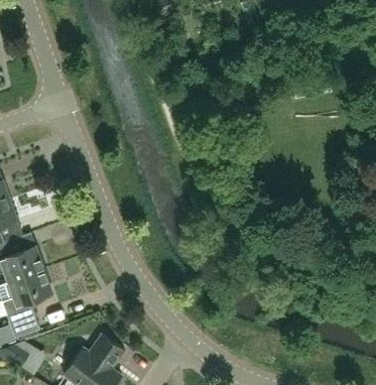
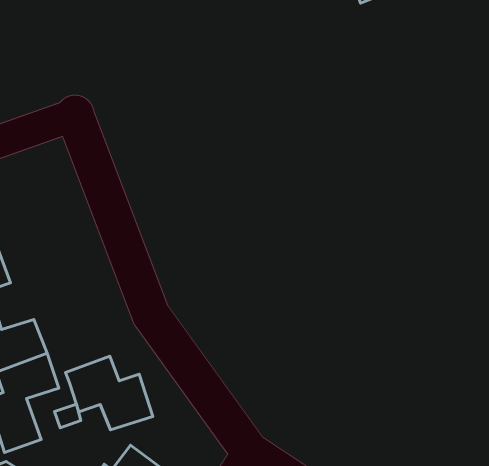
building: none -> [66,356,153,430]

